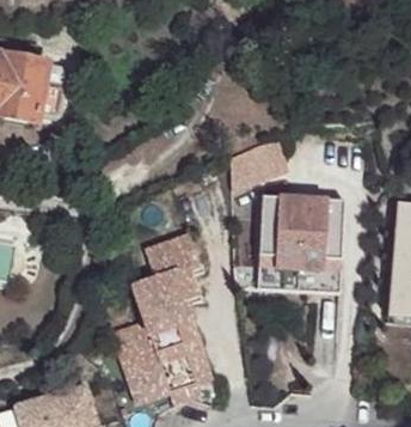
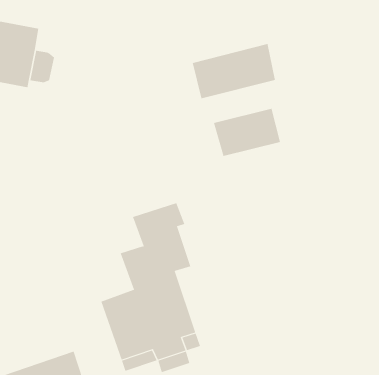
building: none -> [192,43,276,99]
building: [260,194,349,293] -> none

